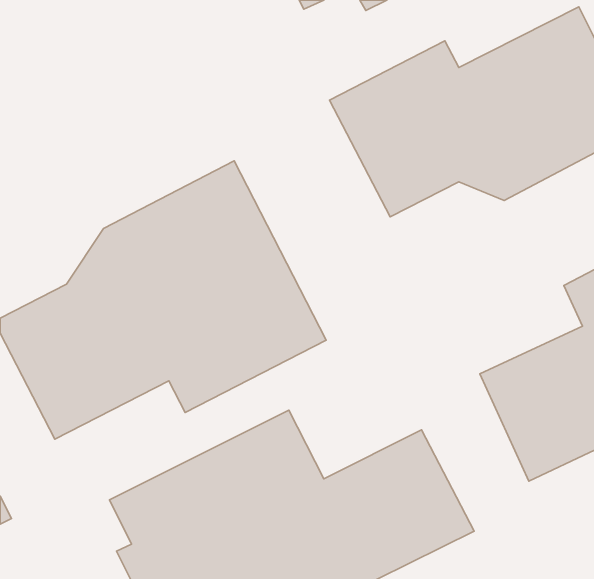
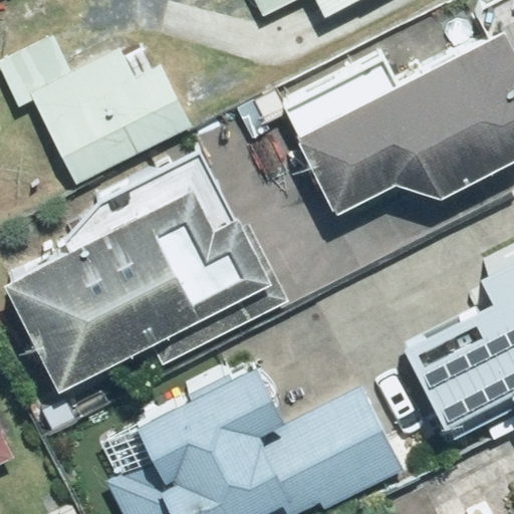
building: none -> [6,46,188,193]

